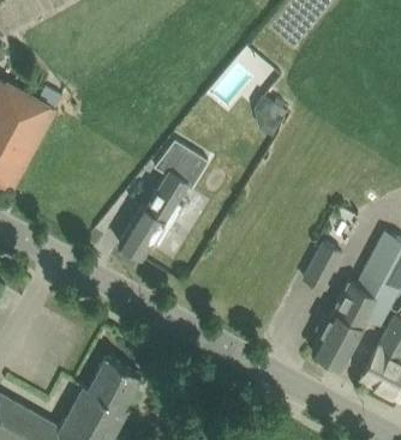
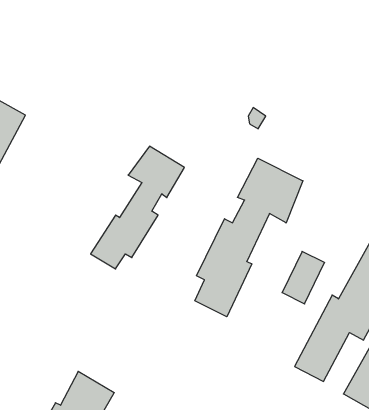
building: none -> [195,158,303,317]

